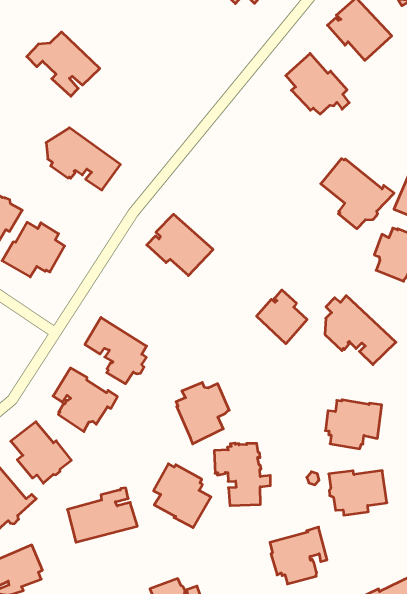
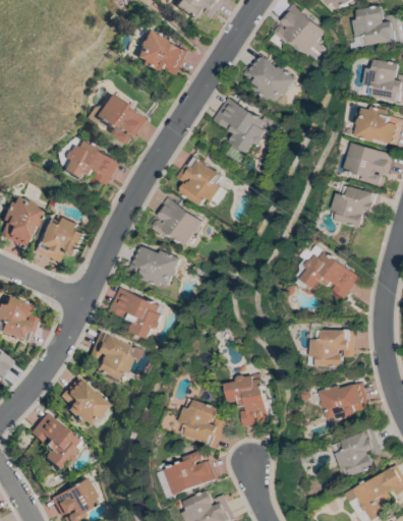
building: none -> [138,30,187,74]
building: [27,32,100,96] -> [88,94,148,144]
building: [321,159,394,229] -> [214,97,274,152]
building: none -> [177,154,228,205]
building: none -> [129,244,180,286]
building: [257,290,307,344] -> none
building: [176,382,229,444] -> none
building: [67,488,137,542] -> [160,449,218,498]
building: [270,527,327,584] -> [334,426,382,475]

